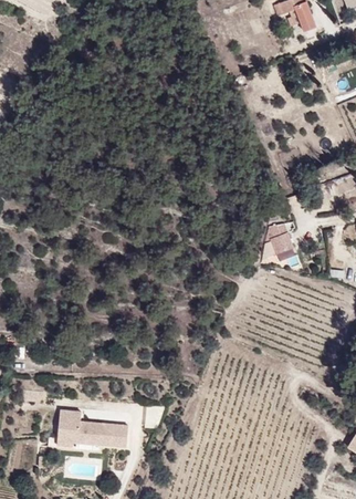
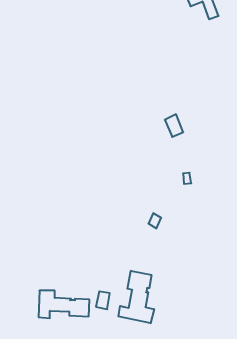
building: [269,220,294,251] -> [165,114,183,137]
building: none -> [118,271,154,323]

